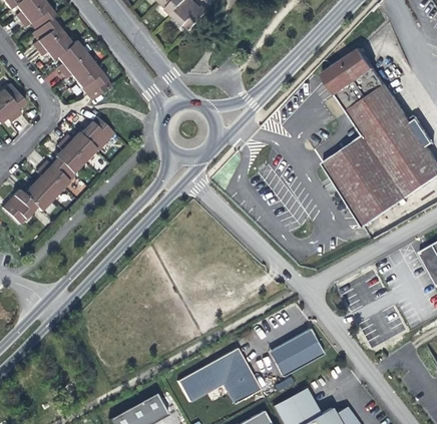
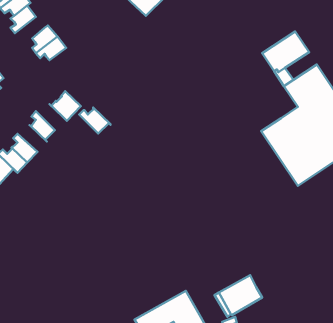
building: [38,30,72,58] -> none
building: [77,66,111,100] -> none
building: [350,71,387,103] -> none
building: [62,131,98,161] -> [79,108,110,134]
building: [41,155,75,186] -> none

